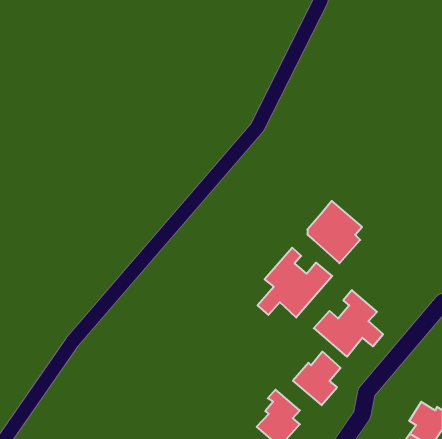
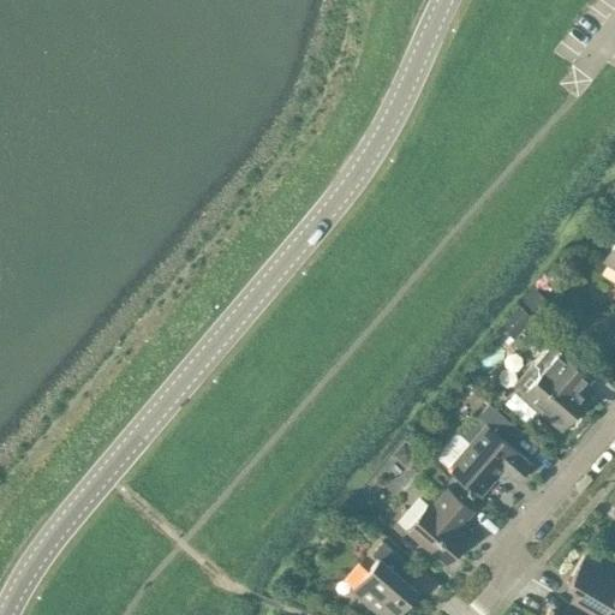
building: [307,201,362,263] -> [518,347,593,434]
building: [258,248,332,318] -> none

